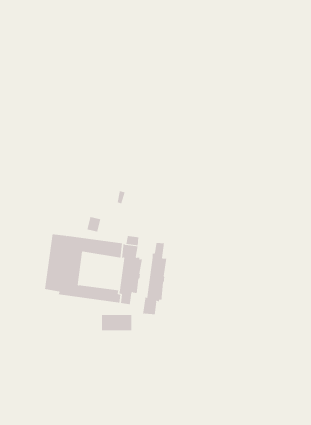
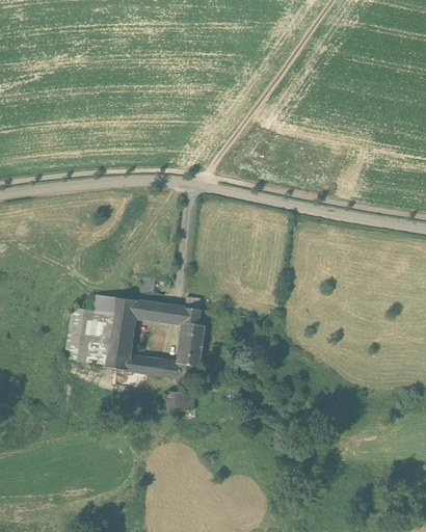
building: [142,242,167,315] -> none

